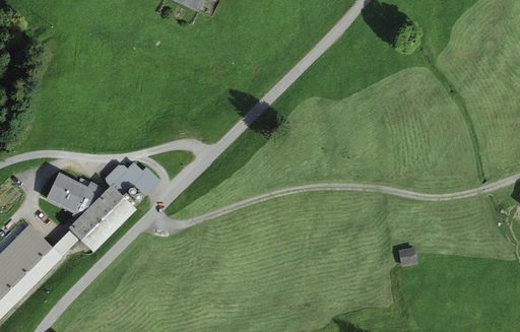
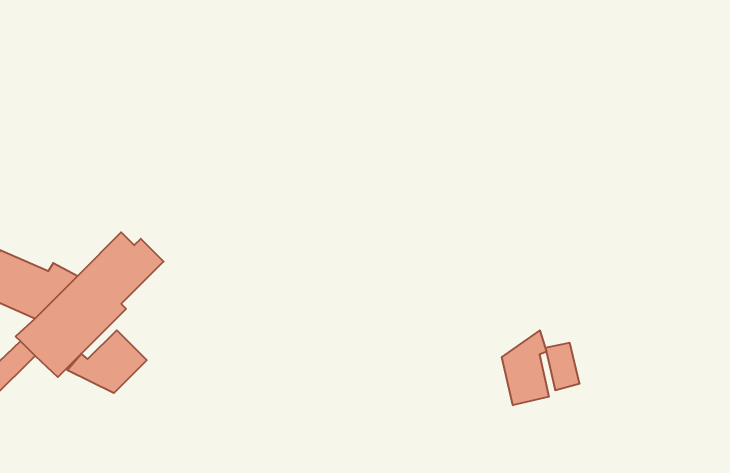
building: none -> [67,330,147,393]
building: none -> [502,330,549,405]

